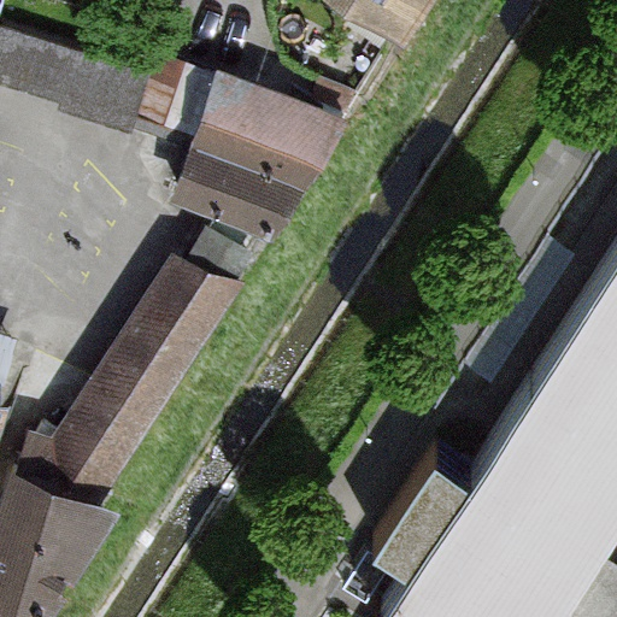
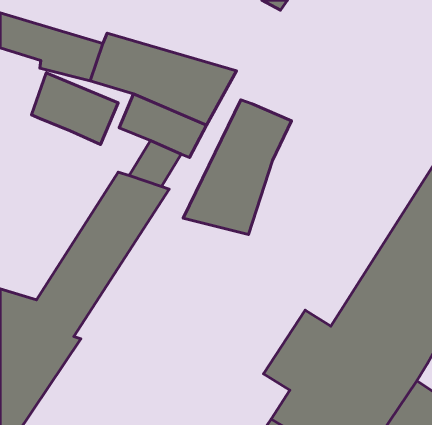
building: none -> [32,73,118,145]
building: none -> [183,100,292,235]

